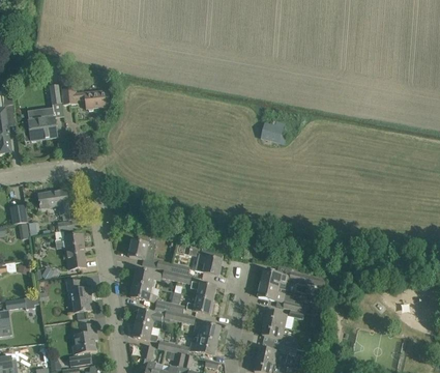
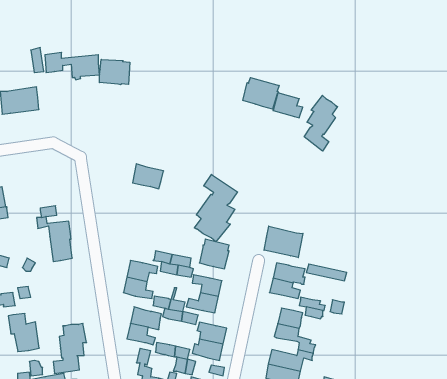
building: none -> [99,59,130,85]
building: none -> [243,78,279,109]
building: none -> [304,95,338,151]
building: [37,189,69,219] -> none
building: none -> [194,174,238,242]
building: none -> [264,226,303,258]
building: [128,238,155,260] -> [133,164,164,189]
building: [65,279,92,312] -> [8,314,39,352]

